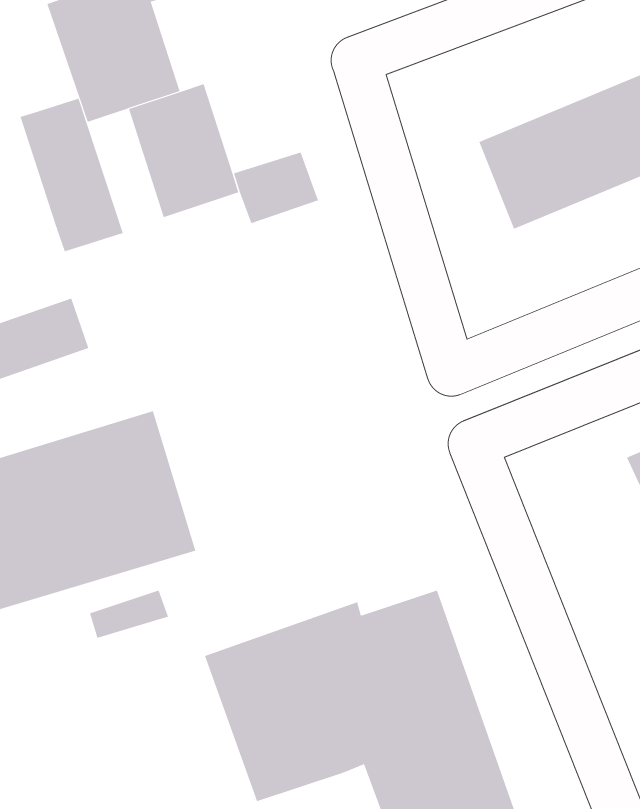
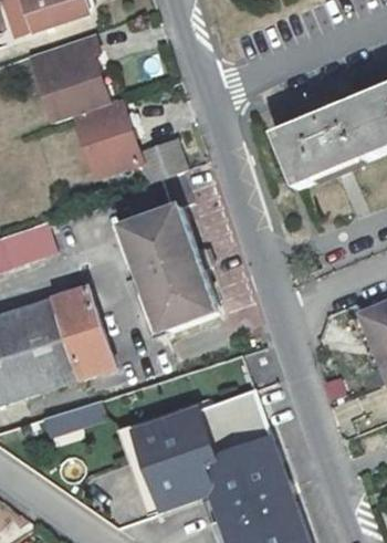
building: [20,98,123,252] -> none
building: none -> [124,177,219,335]

